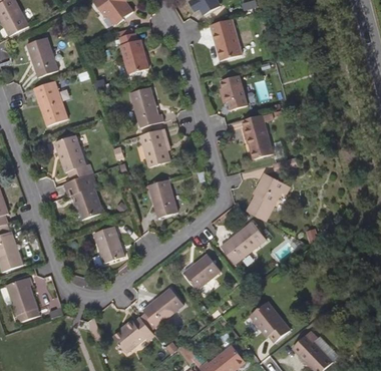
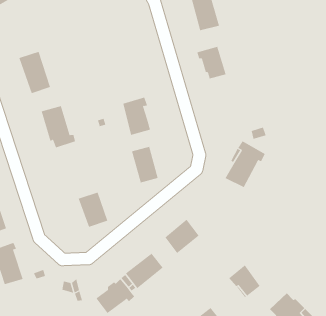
building: [119,32,147,74] -> none
building: [26,37,57,77] -> none
building: [129,87,163,127] -> none
building: [243,114,272,158] -> none
building: [64,173,101,223] -> none
building: [221,221,265,263] -> none

